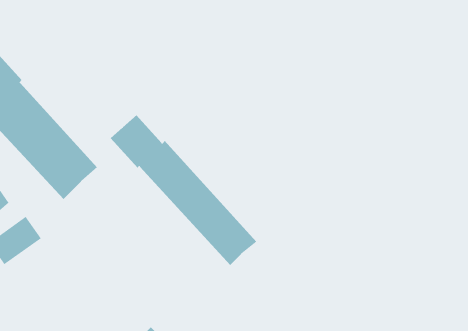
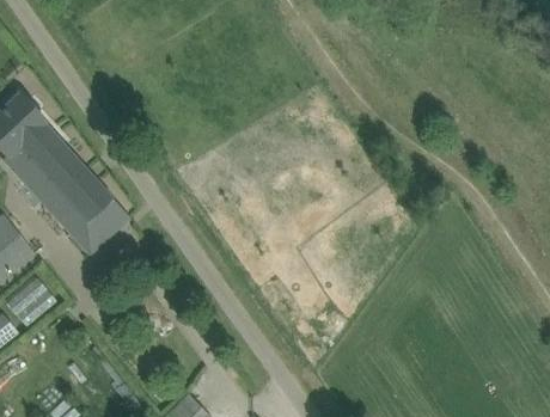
building: [110,114,257,266] -> none

